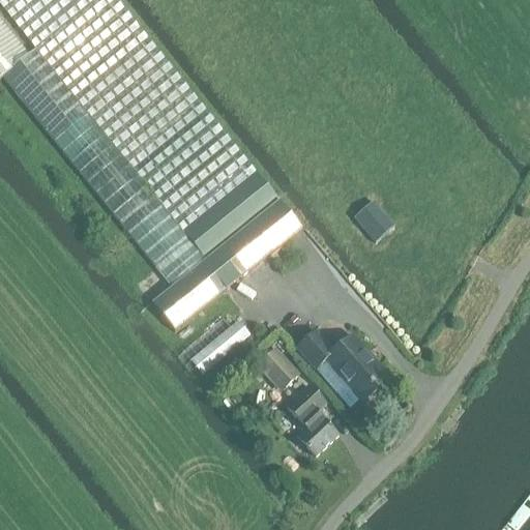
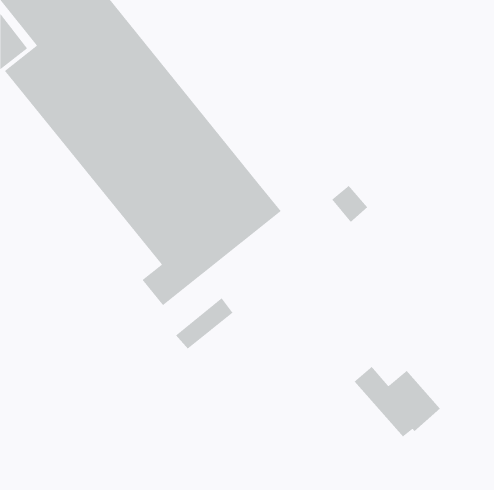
building: [296,328,389,405] -> [354,366,441,438]
building: [255,345,298,389] -> none
building: [285,383,336,451] -> none

